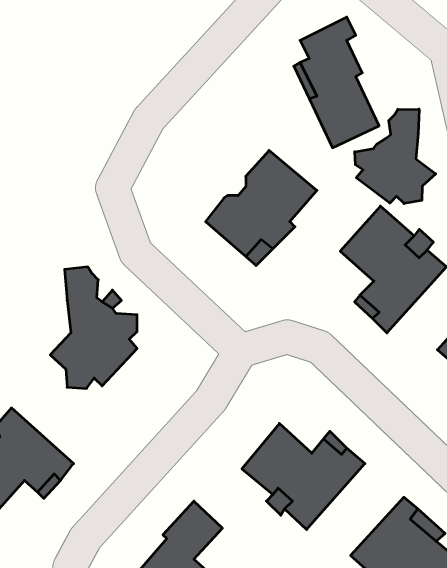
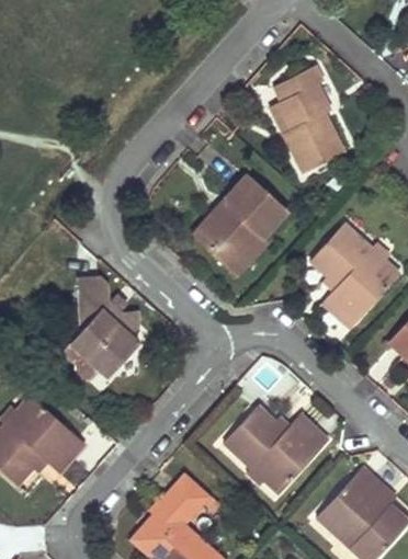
building: [355,109,436,204] -> none

